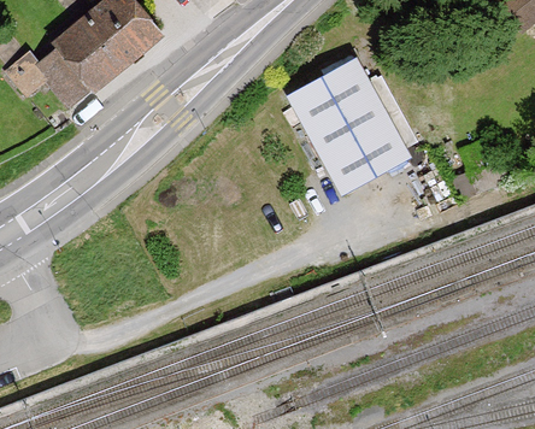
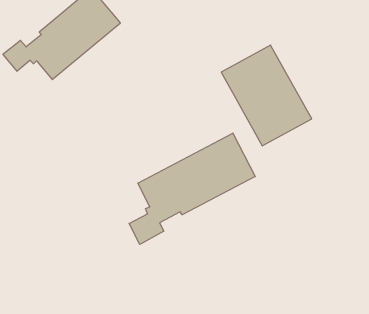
building: none -> [129,133,255,244]

